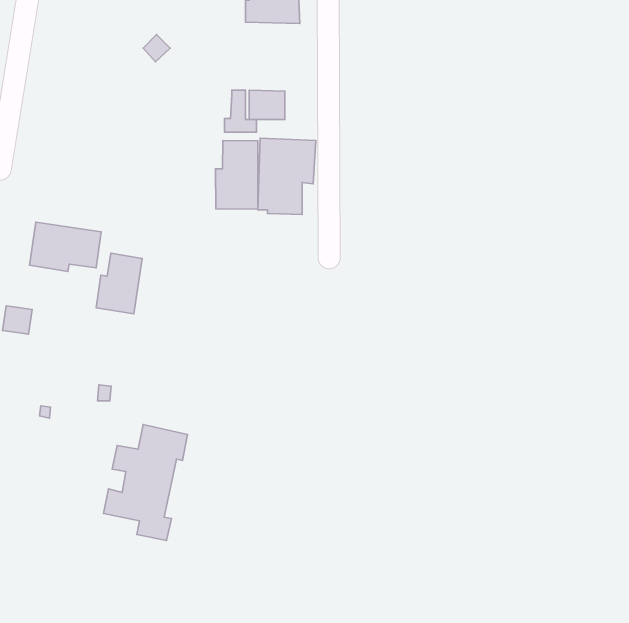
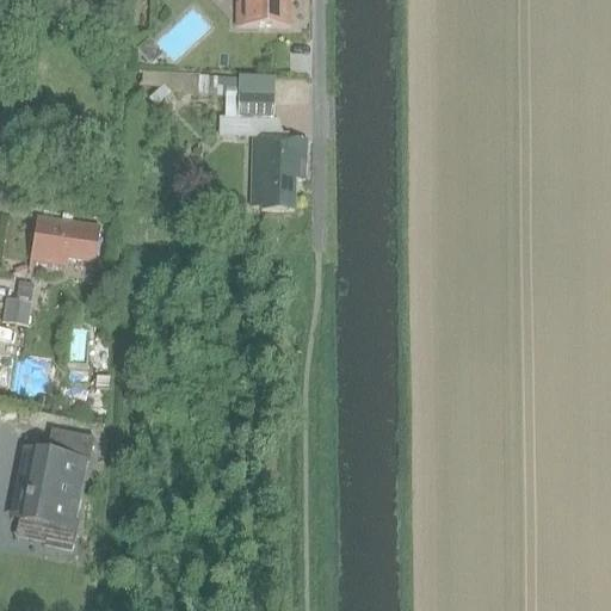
building: [215,140,258,209] -> none
building: [96,253,142,314] -> none
building: [104,425,188,541] -> [12,426,93,538]

